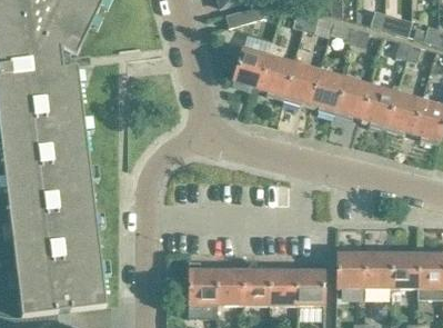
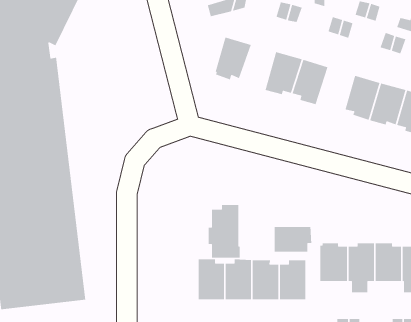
building: [258,53,293,99] -> none
building: [333,76,371,119] -> none
building: none -> [274,226,312,252]
building: [185,265,218,318] -> [208,204,240,258]

